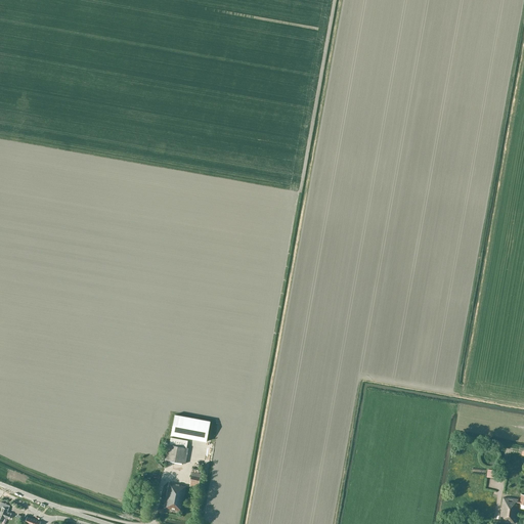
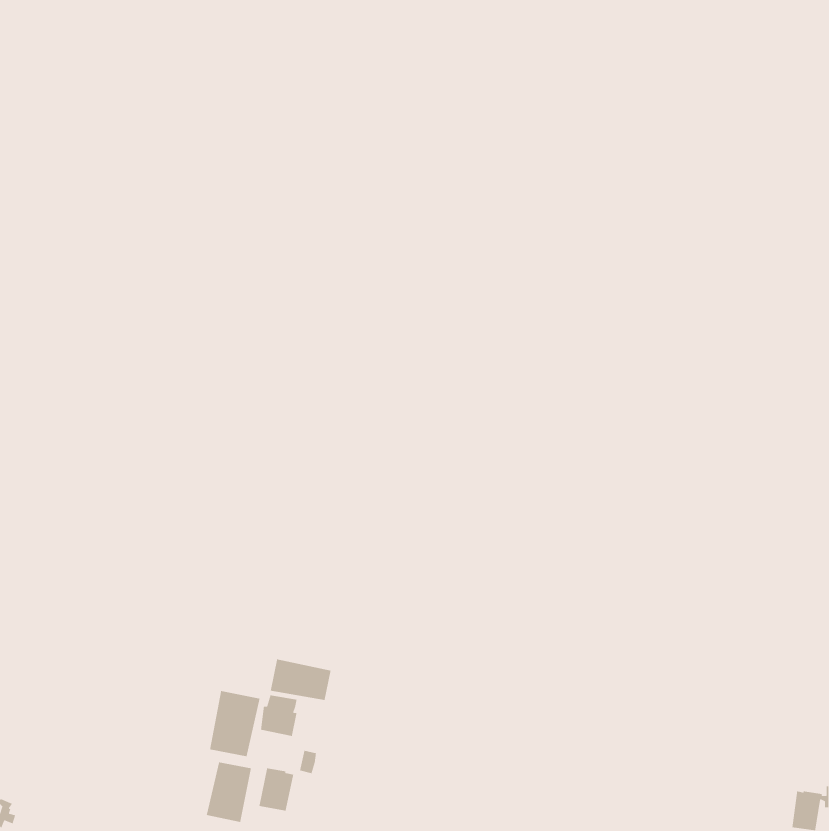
building: none -> [209,690,260,757]
building: none -> [206,761,252,823]

